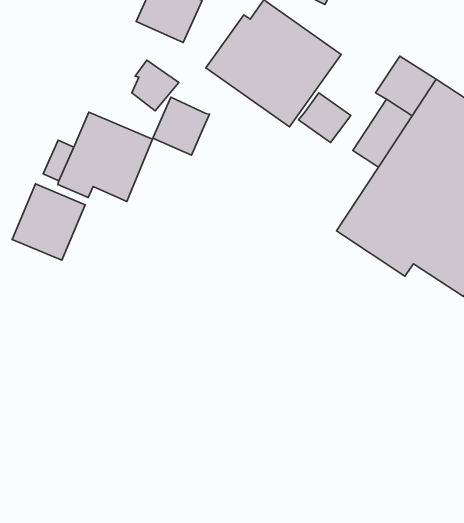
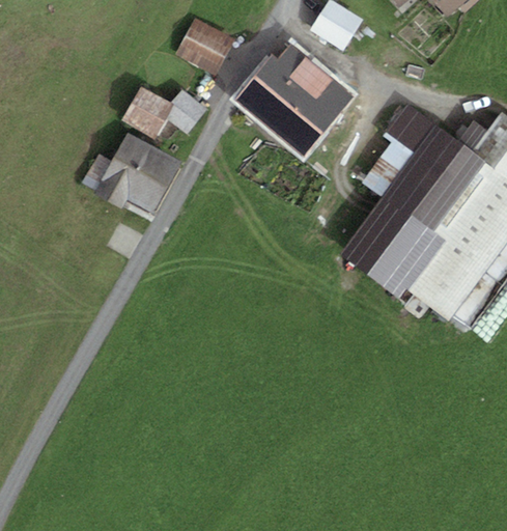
building: [298,93,351,143] -> none
building: [153,97,210,155] -> [122,86,174,139]
building: [12,184,85,260] -> none

